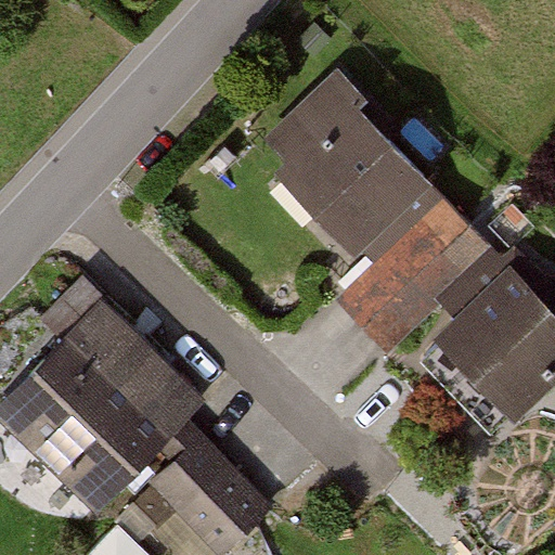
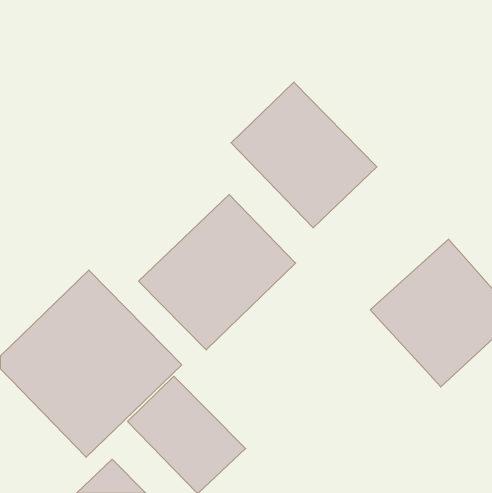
building: [330,188,492,348] -> none
building: none -> [139,195,296,350]

